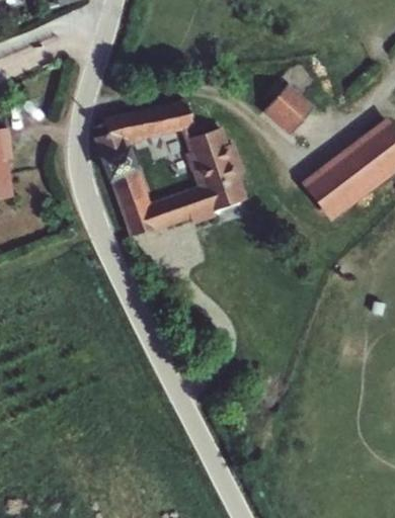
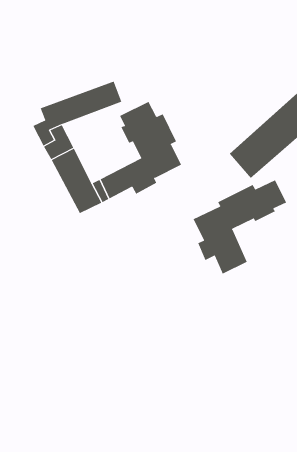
building: [265,81,318,134] -> none
building: none -> [193,179,287,275]

